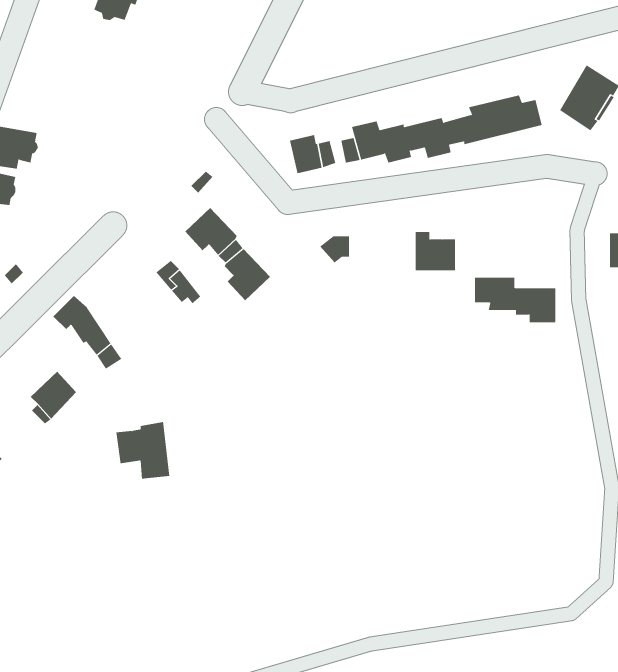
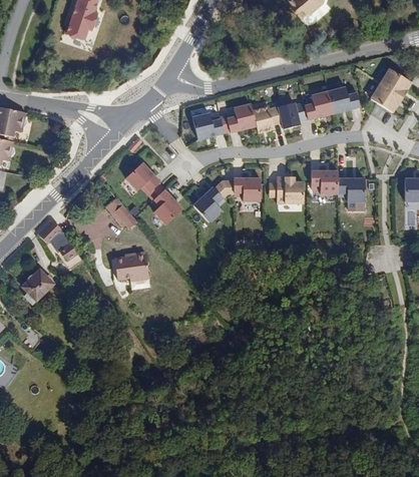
building: none -> [234,178,261,201]
building: none -> [193,187,226,222]
building: [474,277,556,323] -> [311,171,365,201]
building: [115,421,170,479] -> [114,251,150,289]

